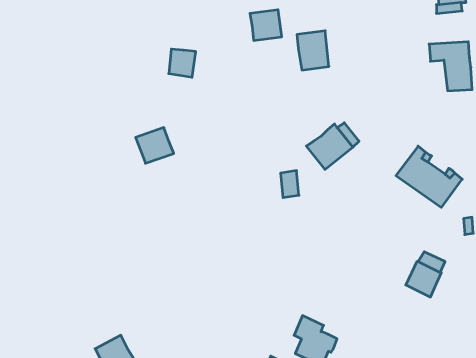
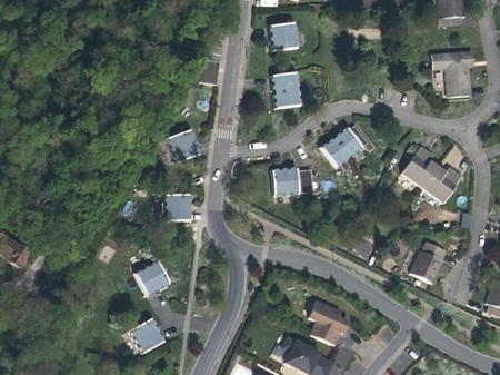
building: [297,31,329,70] -> [271,72,300,108]
building: none -> [272,168,299,196]
building: none -> [164,195,190,221]
building: none -> [134,260,169,296]

